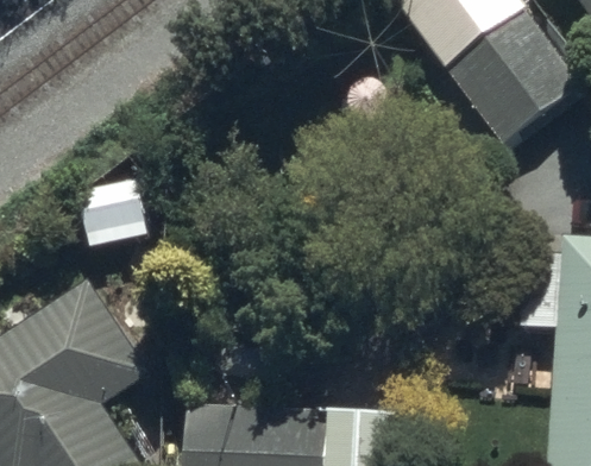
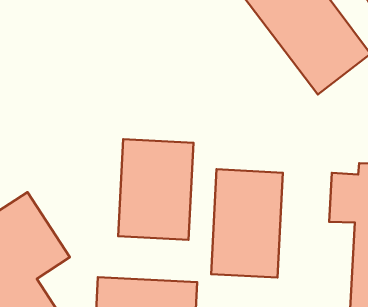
building: none -> [118,139,193,240]
building: none -> [211,169,283,278]

